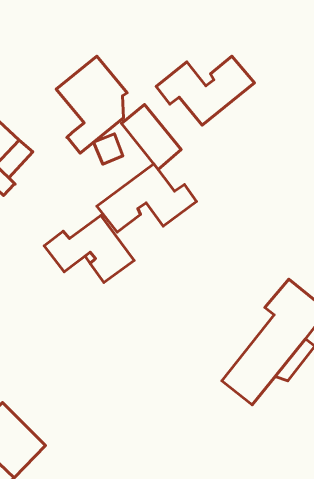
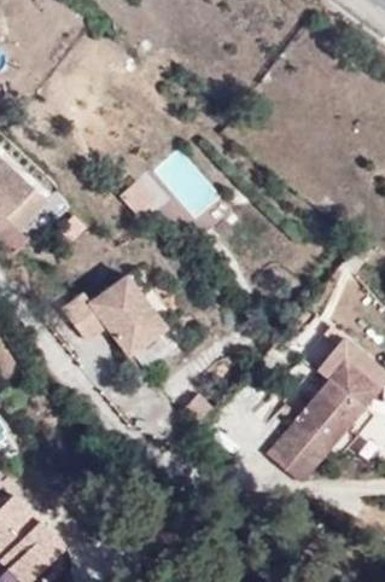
building: [156,56,254,125] -> none
building: [56,56,127,153] -> none
building: [97,164,197,232] -> none

